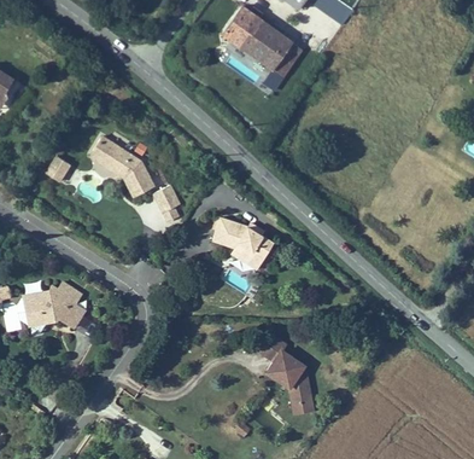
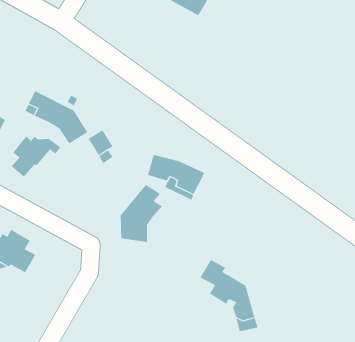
building: none -> [11,136,61,177]
building: none -> [120,184,163,243]

